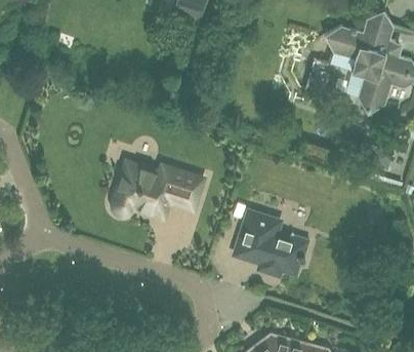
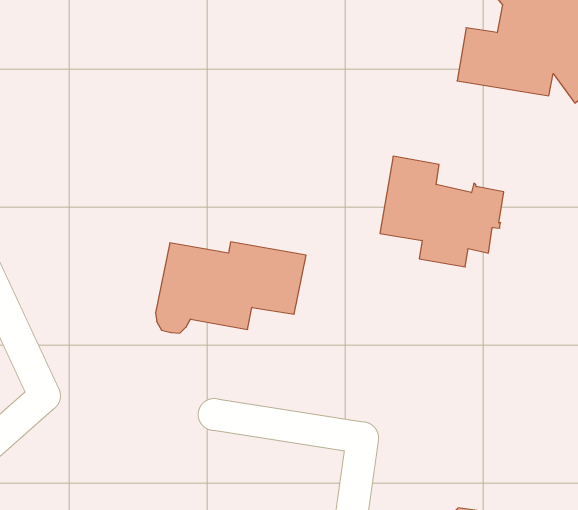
building: [235,211,308,280] -> [380,156,504,267]

